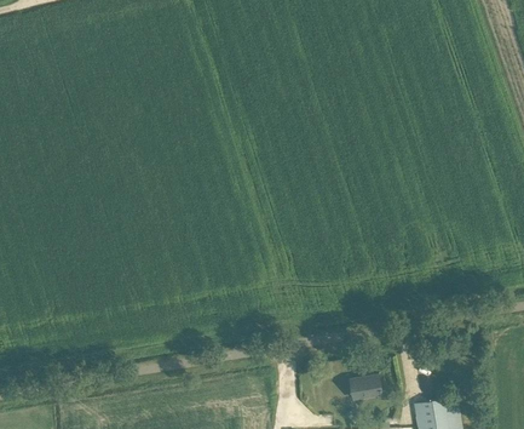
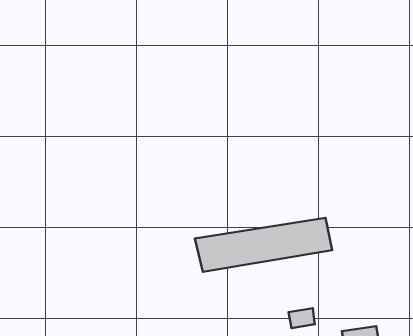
building: none -> [195,218,332,272]

